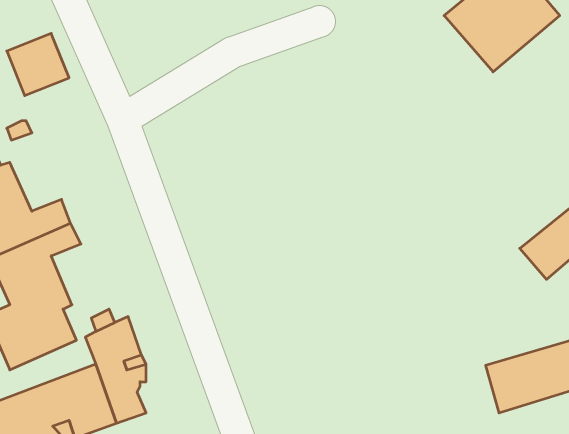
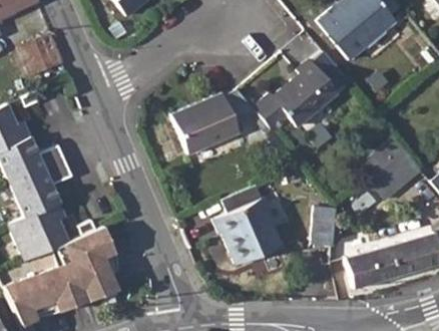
building: none -> [254,59,337,133]
building: none -> [171,93,240,154]
building: none -> [213,200,282,265]
building: none -> [312,205,335,244]

